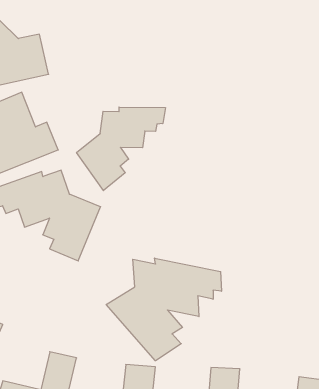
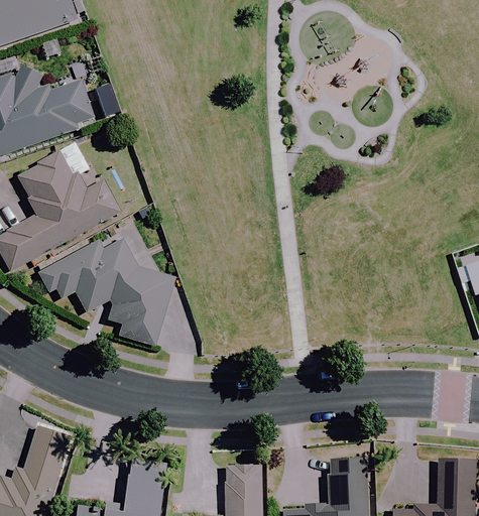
building: [77,107,165,191] -> none
building: [106,258,221,361] -> none

